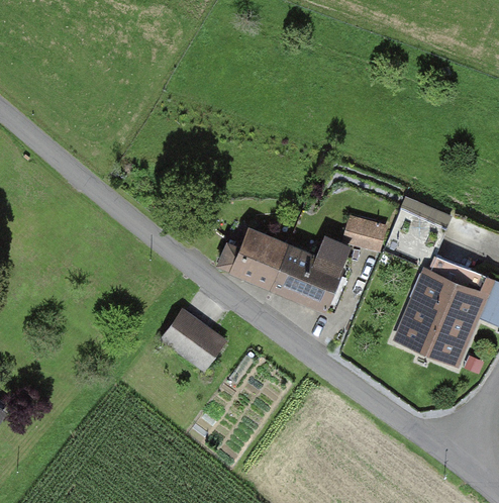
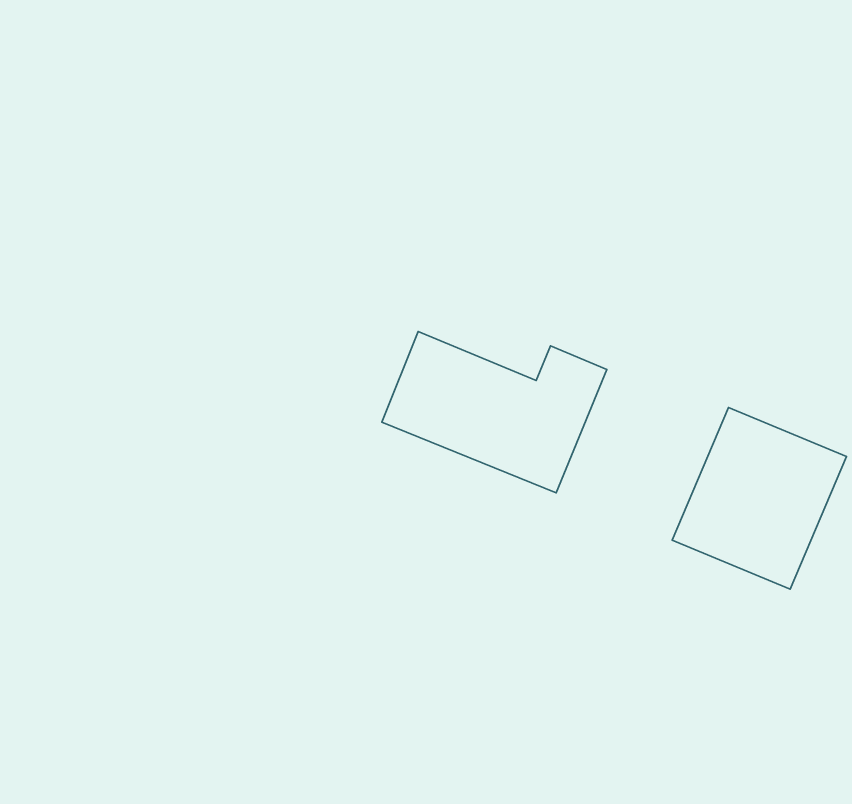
building: [343,213,384,246] -> none
building: [160,307,226,372] -> none

